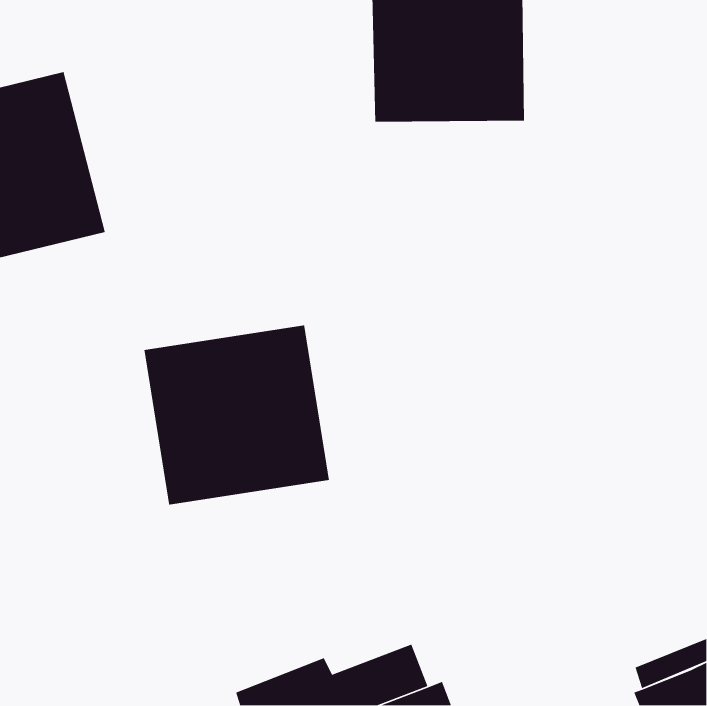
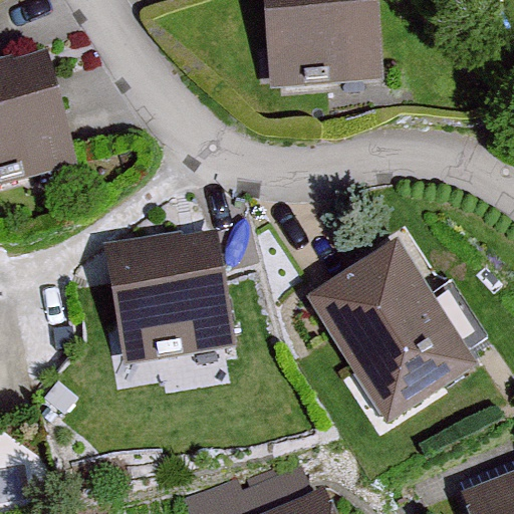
building: none -> [306,238,478,423]

